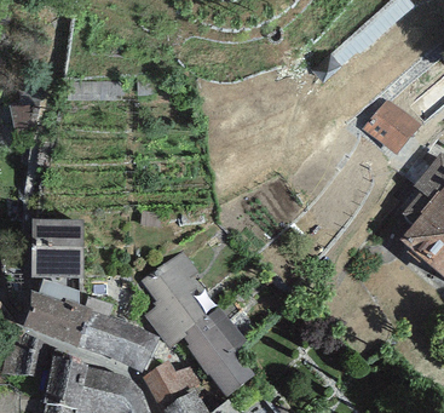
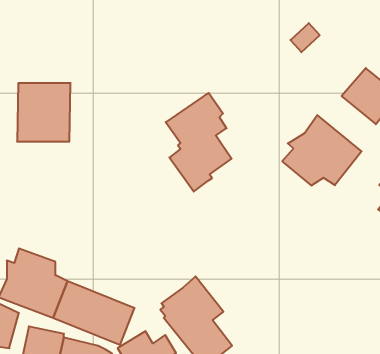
building: none -> [282,115,362,186]
building: [30,219,83,277] -> [17,83,71,142]
building: [140,251,206,349] -> [166,93,232,192]

